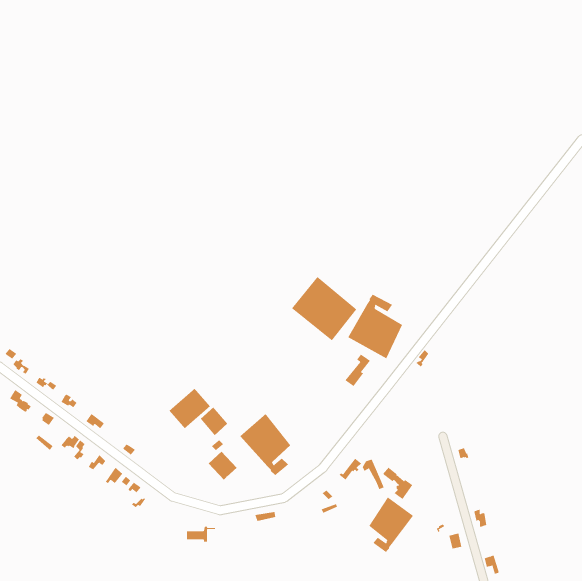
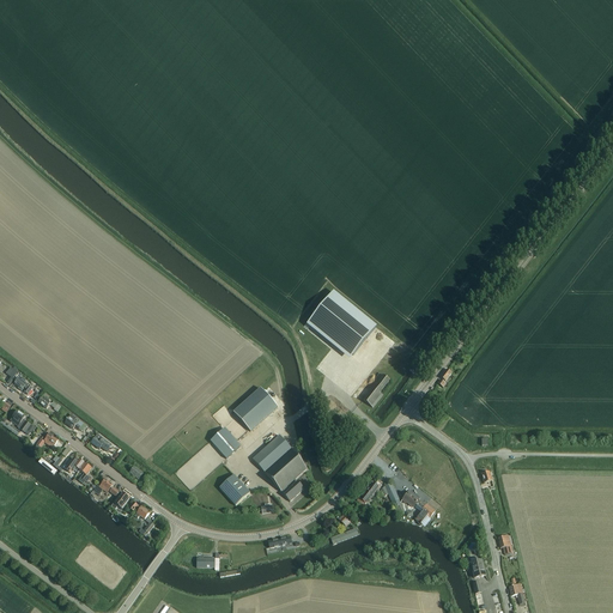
building: [347,294,403,359] -> none
building: [169,388,211,429] -> [232,387,277,430]
building: [368,496,414,553] -> none

